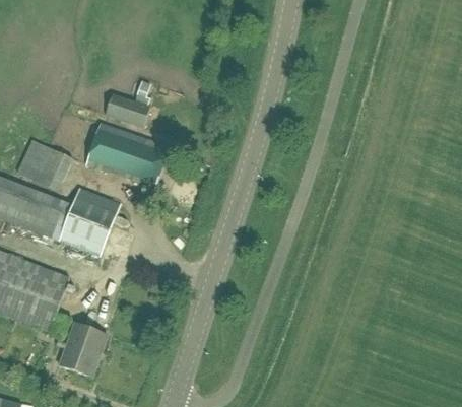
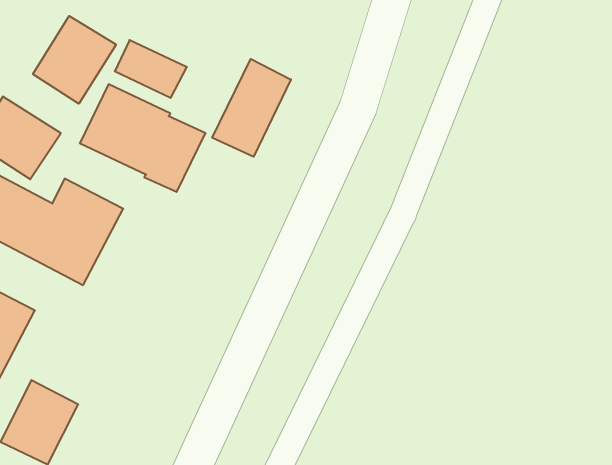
building: none -> [33,16,116,104]
building: none -> [212,59,291,157]

